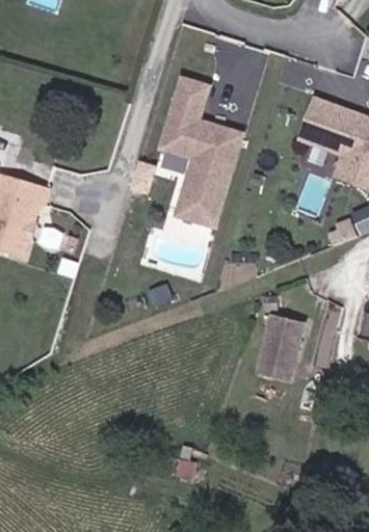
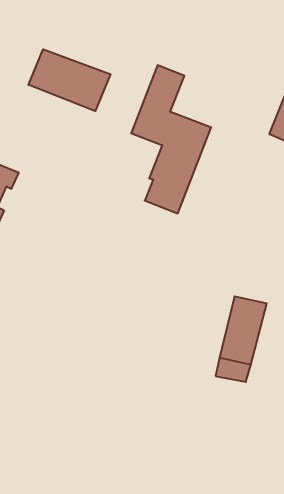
building: none -> [28,49,111,111]

